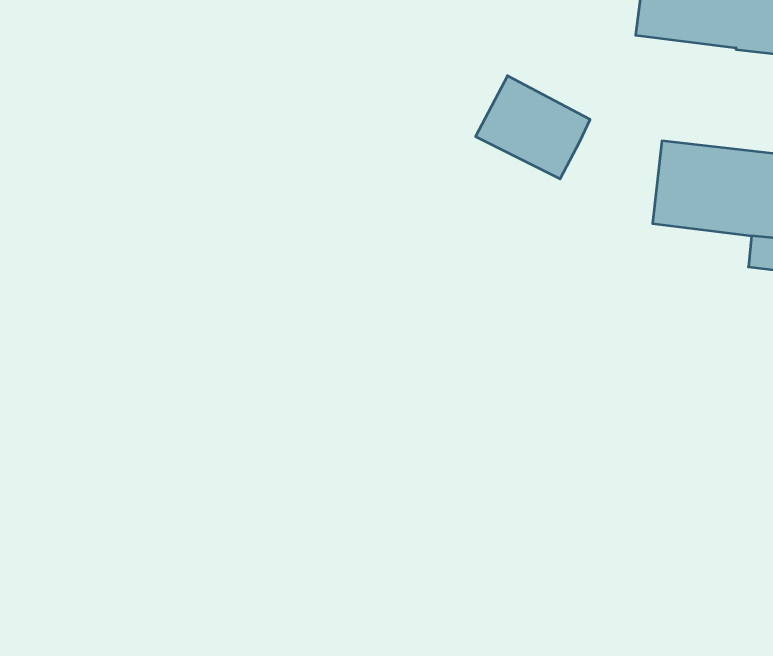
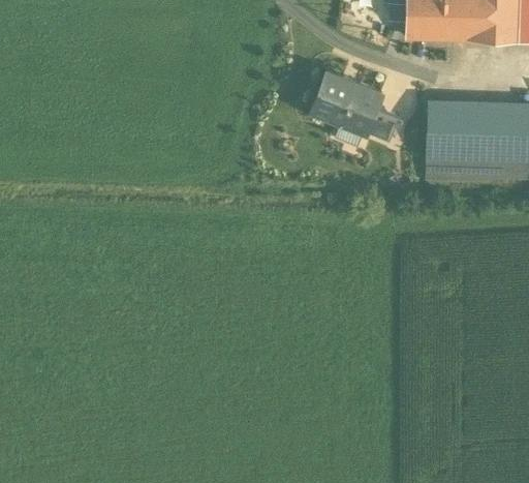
building: none -> [366,107,399,141]
building: none -> [426,154,490,180]

